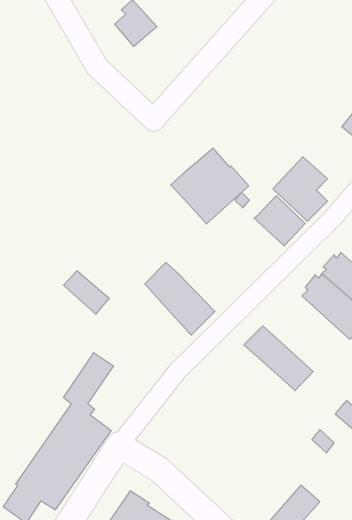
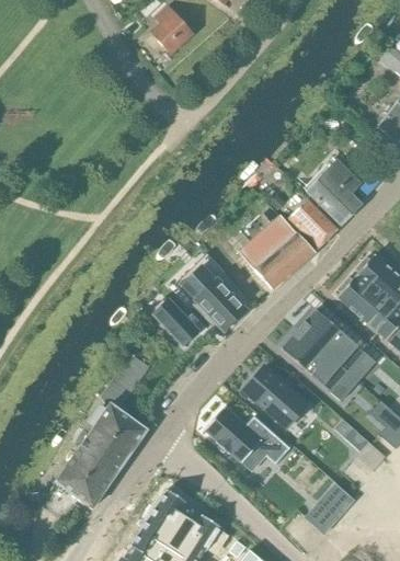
building: [171,148,249,224] -> [239,215,316,289]
building: [64,271,109,314] -> [156,301,201,344]
building: none -> [298,307,365,371]
building: none -> [241,367,310,434]
building: none -> [203,408,290,467]

